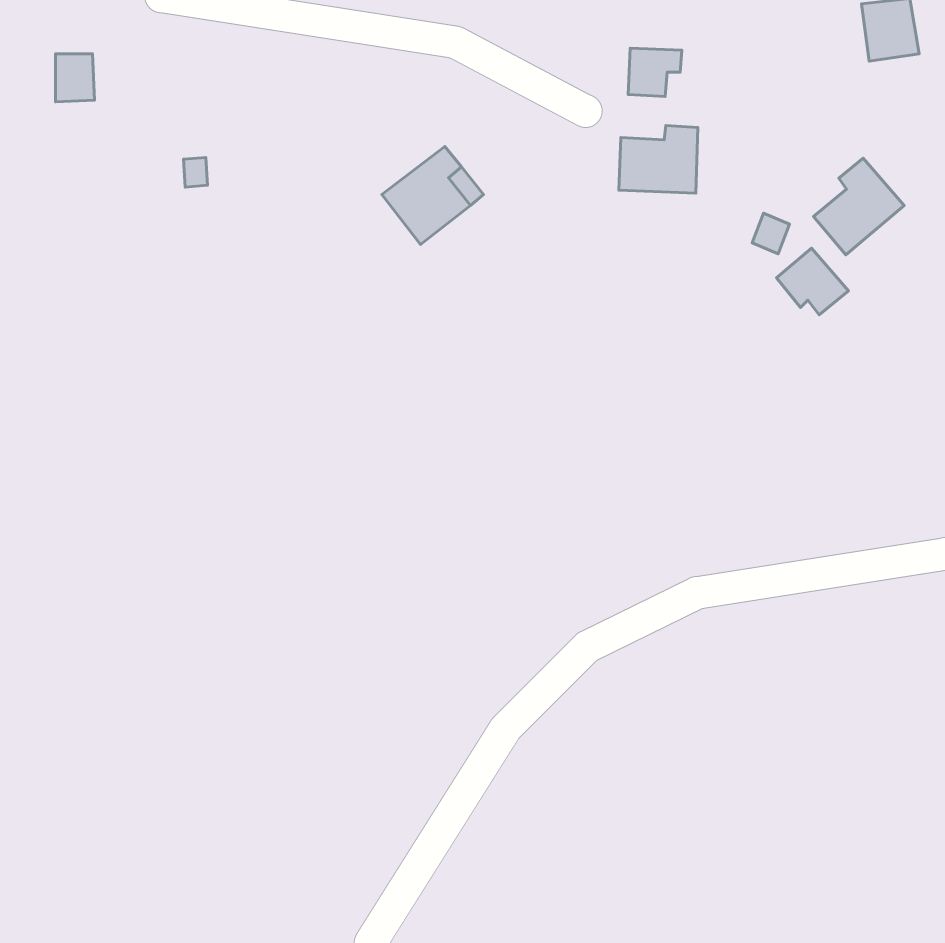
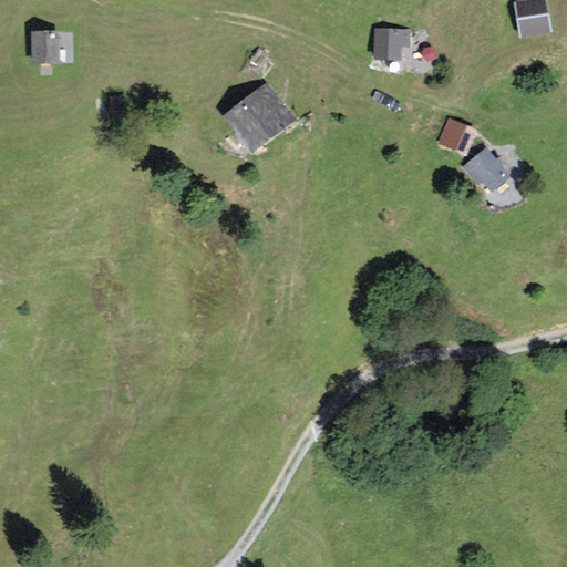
building: [619,126,698,193] -> none
building: [814,158,904,255] -> none

